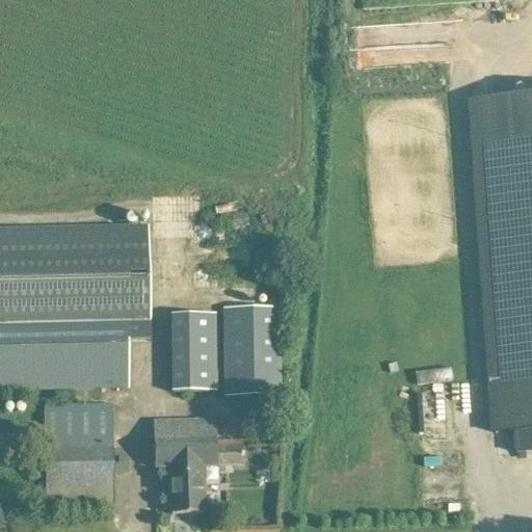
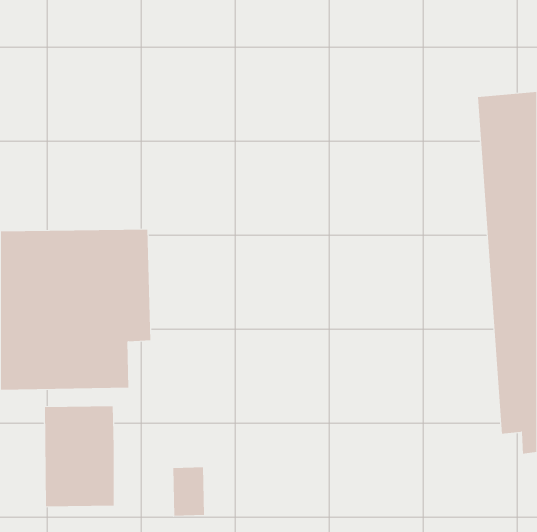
building: [223,303,284,393] -> none
building: [169,310,217,389] -> none
building: [153,414,243,463] -> none

